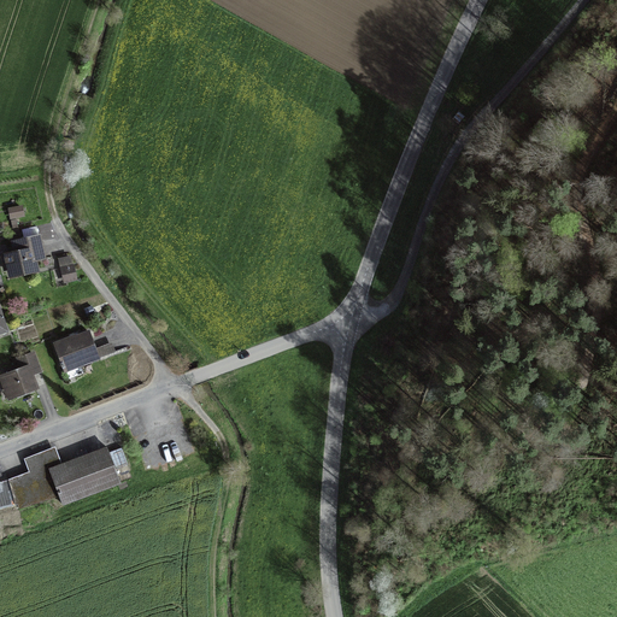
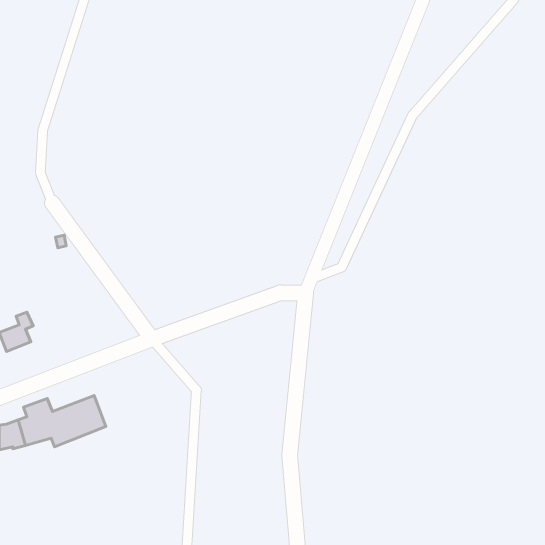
building: [7,234,42,272] -> none
building: [54,331,96,369] -> none

